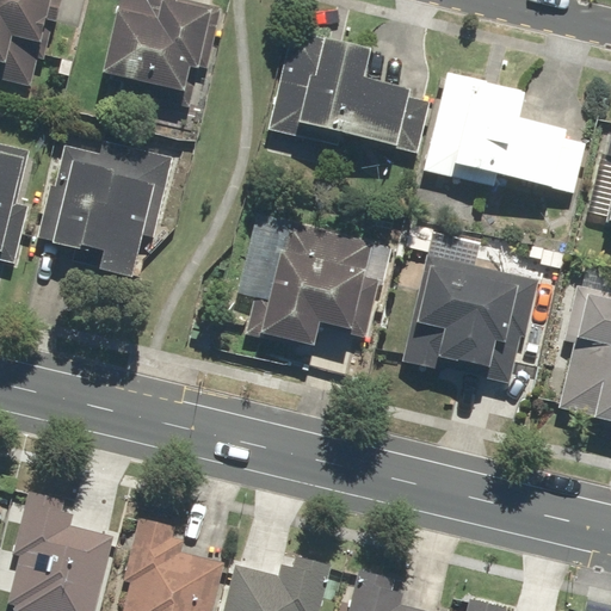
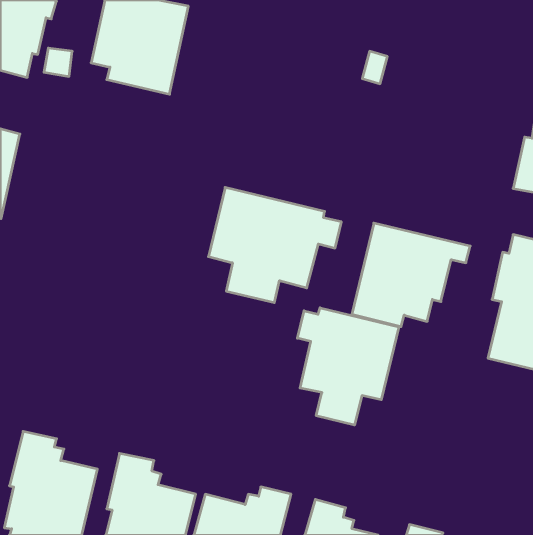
building: [270,36,409,147] -> none
building: [424,72,588,200] -> none
building: [36,141,173,280] -> none
building: none -> [297,308,399,425]

